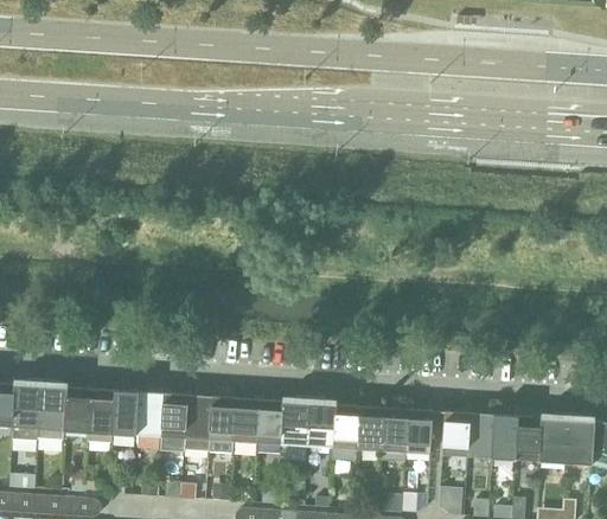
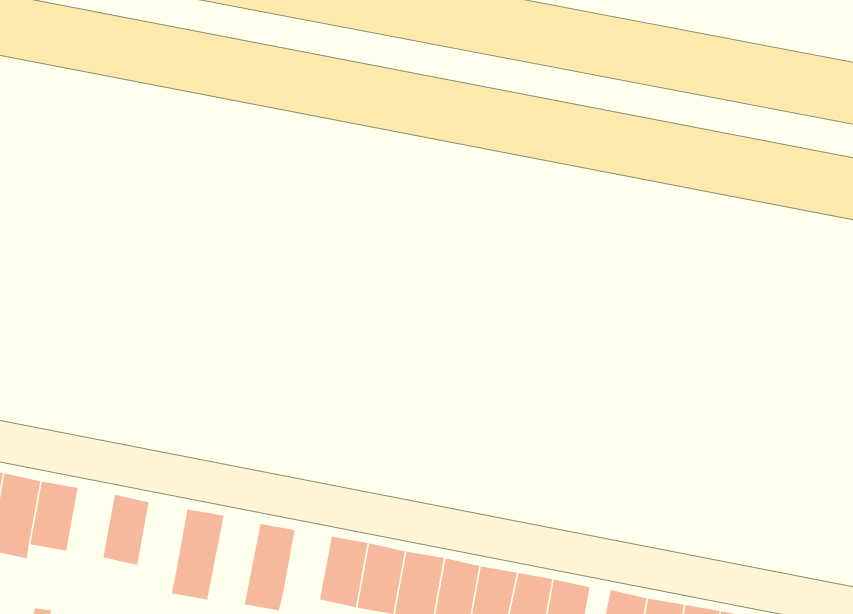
building: [88,389,115,442] -> none
building: [136,392,164,436] -> none
building: [185,395,212,451] -> none
building: [234,398,260,442] -> none

